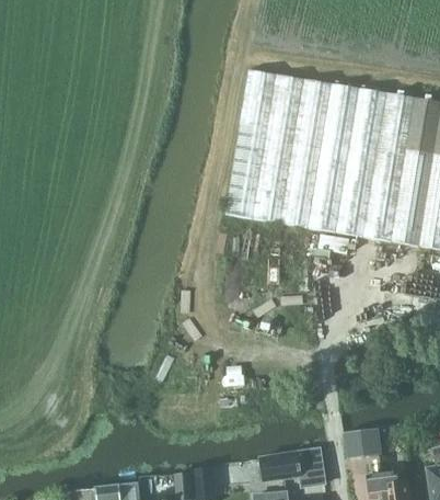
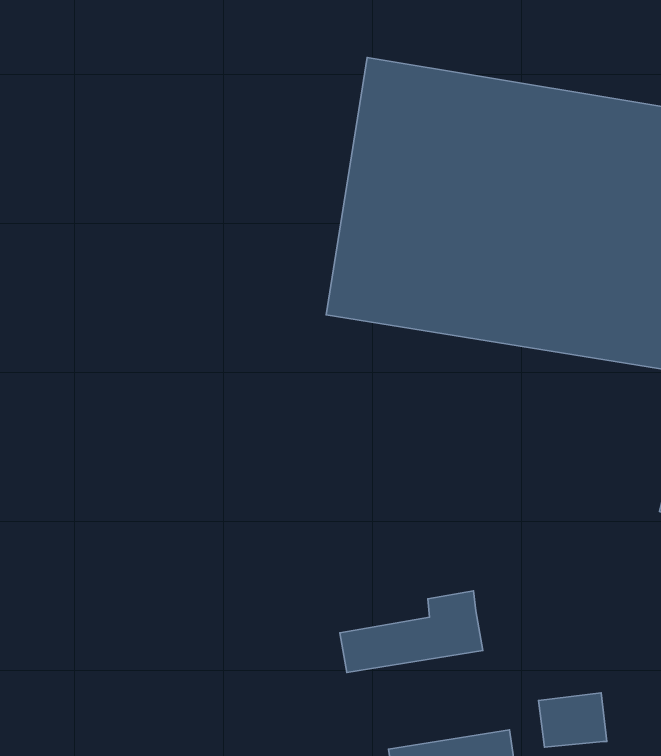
building: none -> [340,591,483,673]

